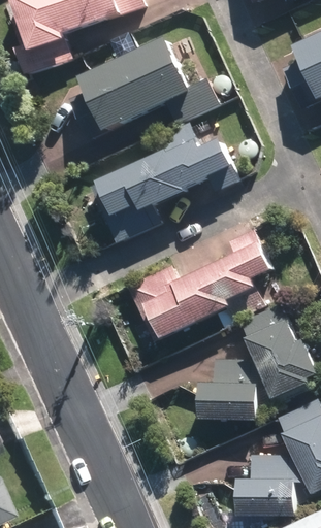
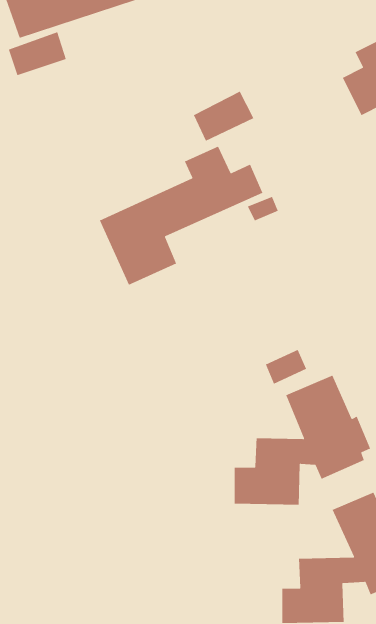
building: [78,45,188,133] -> none
building: [133,234,269,337] -> none

